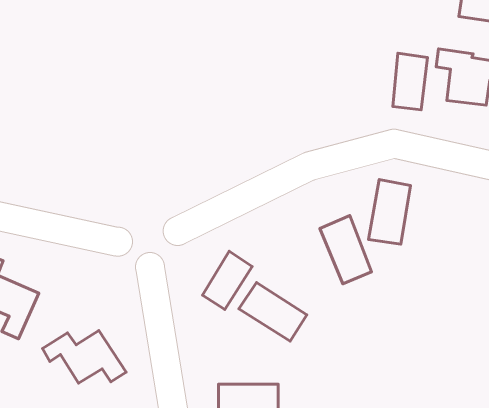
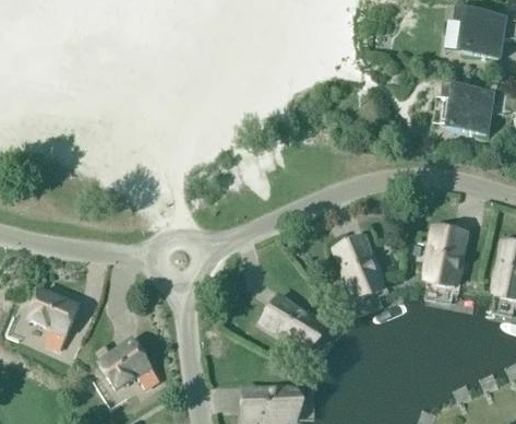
building: [393,53,428,110] -> none
building: [368,179,410,244] -> [425,225,464,284]
building: [203,251,252,309] -> none

